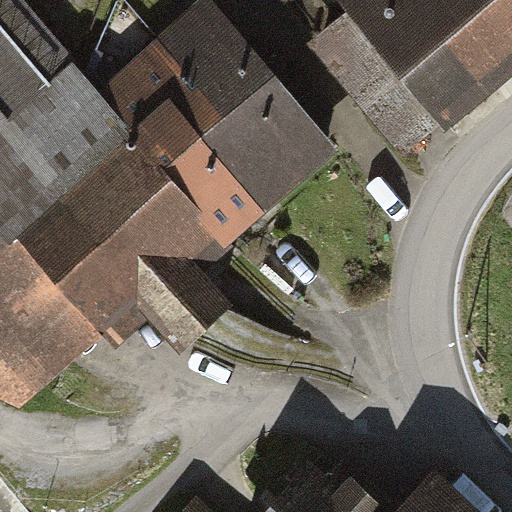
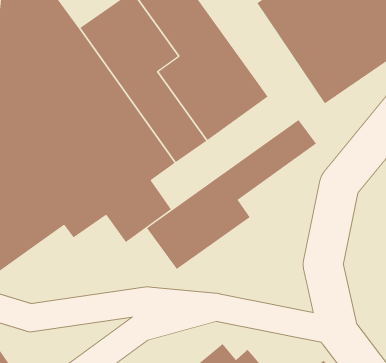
building: none -> [146,119,317,270]

